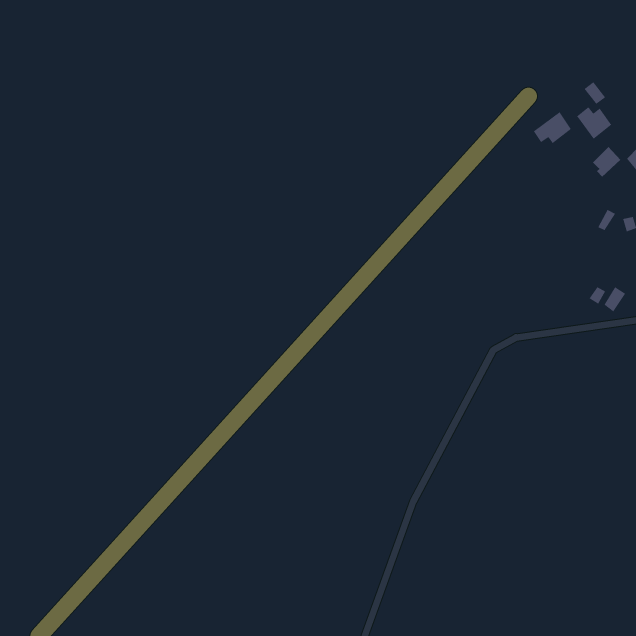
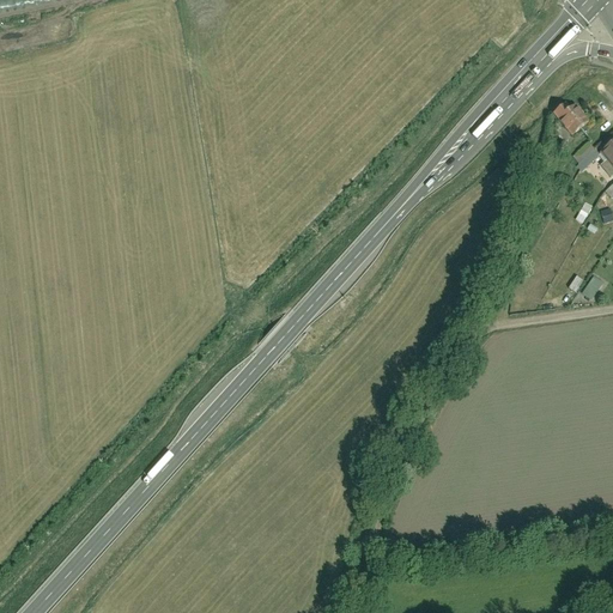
building: [533,111,572,144] -> none

